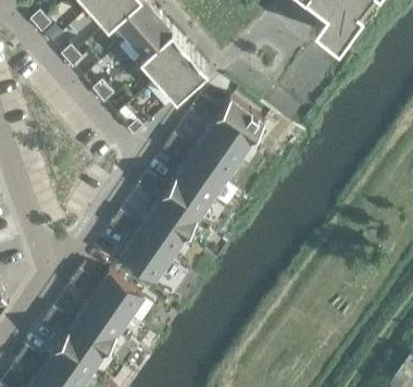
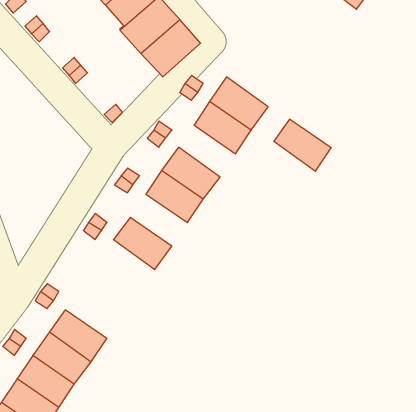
building: [188,142,236,186] -> [274,119,331,171]
building: [148,200,196,244] -> none
building: [120,238,168,283] -> none
building: [93,276,142,321] -> none

